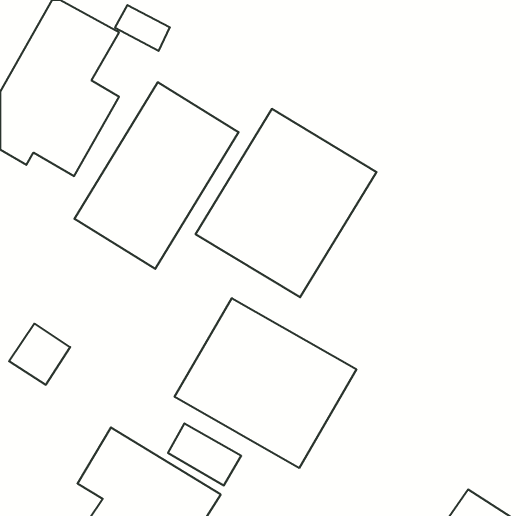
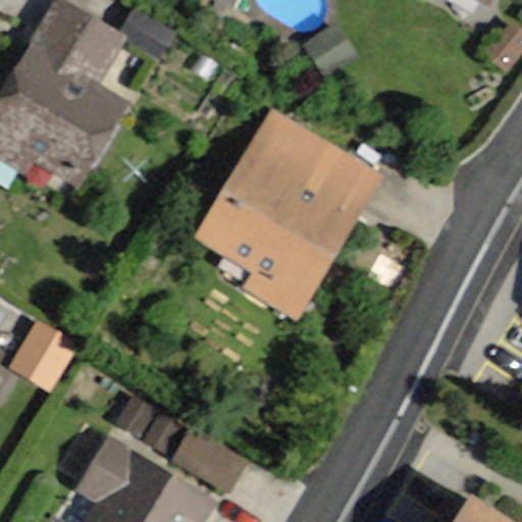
building: [74,82,239,269] -> none
building: [175,298,356,468] -> none

